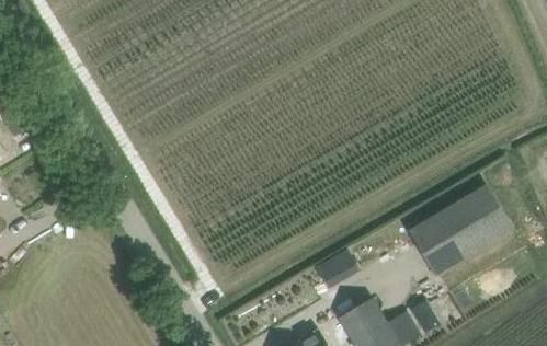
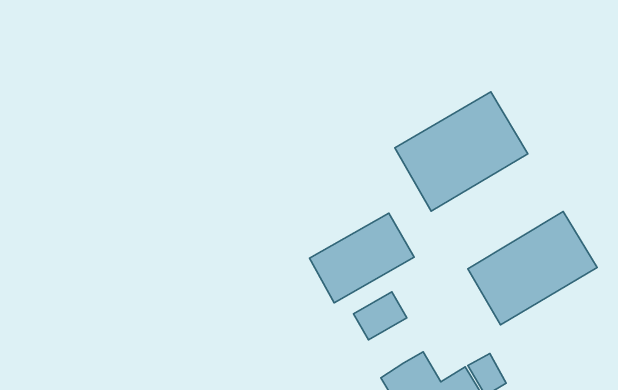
building: none -> [395,92,528,211]
building: none -> [309,213,414,303]

